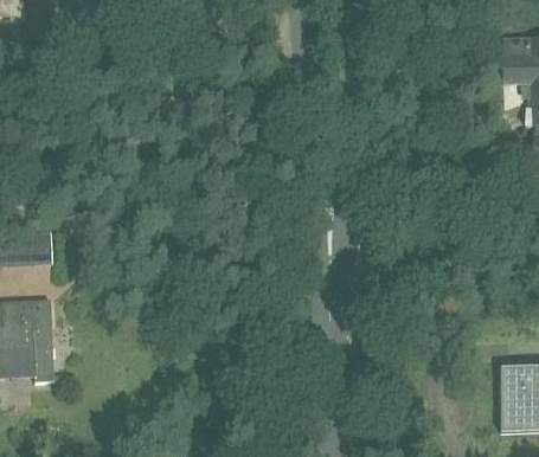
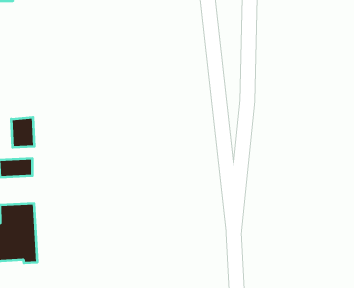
building: none -> [11,117,34,147]

